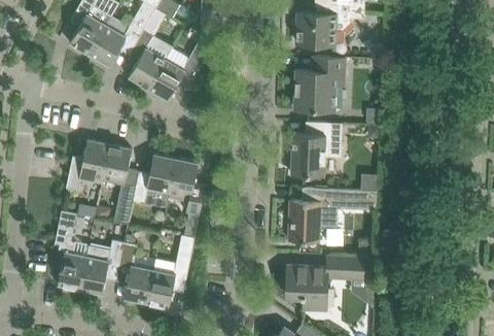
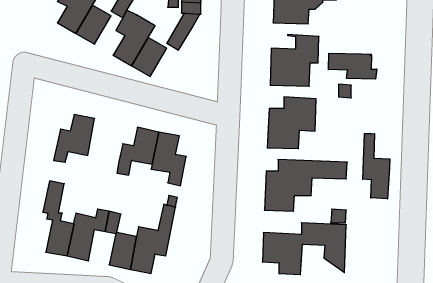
building: none -> [328,53,377,79]
building: [101,144,137,228] -> none
building: none -> [363,133,390,199]

